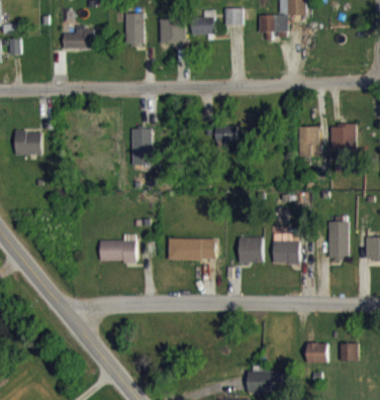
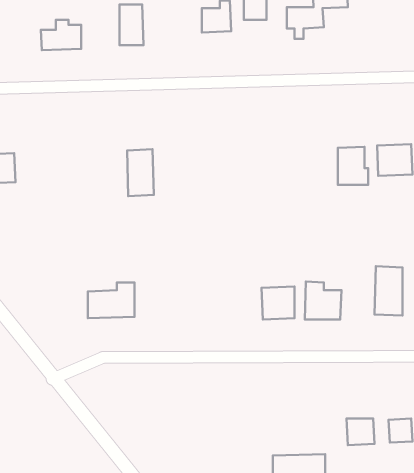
building: [158,18,184,43] -> none
building: [213,126,239,144] -> none
building: [168,238,216,261] -> none

